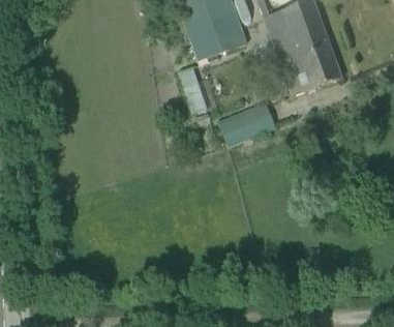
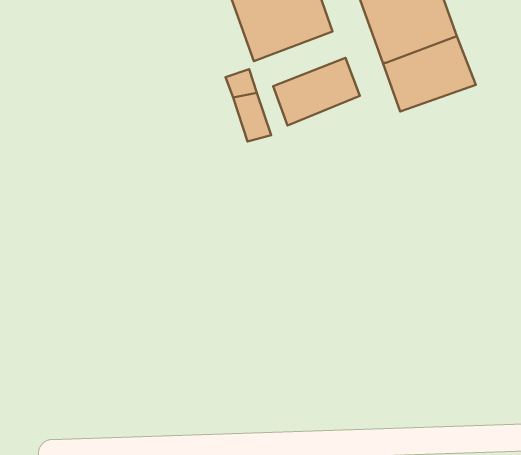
building: [218,102,275,147] -> [273,58,360,126]

